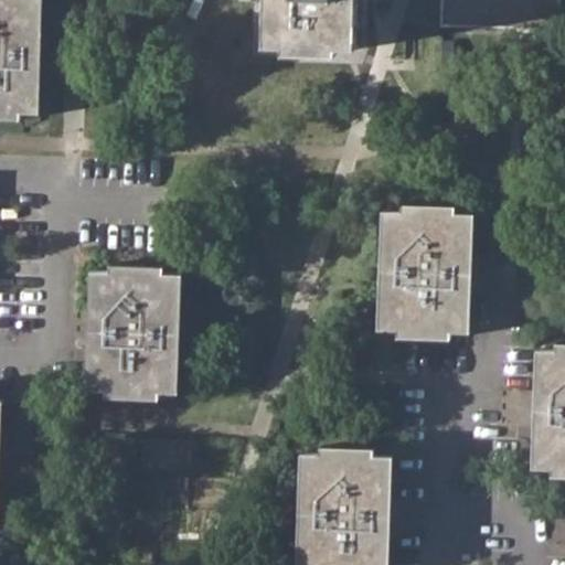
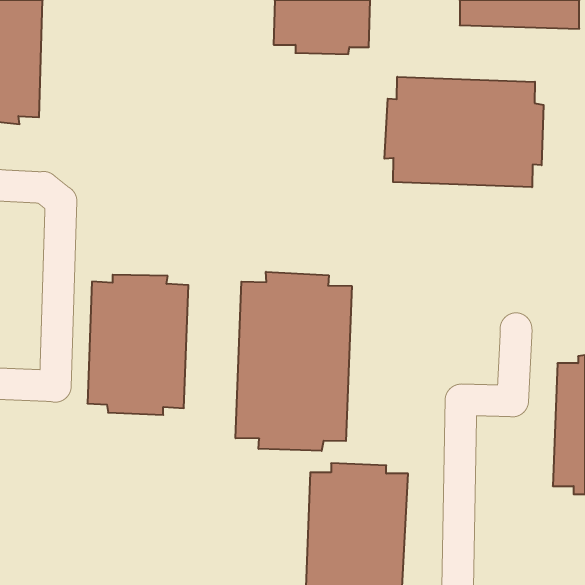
building: none -> [384,77,544,187]
building: [377,204,473,340] -> none
building: none -> [236,272,352,451]

